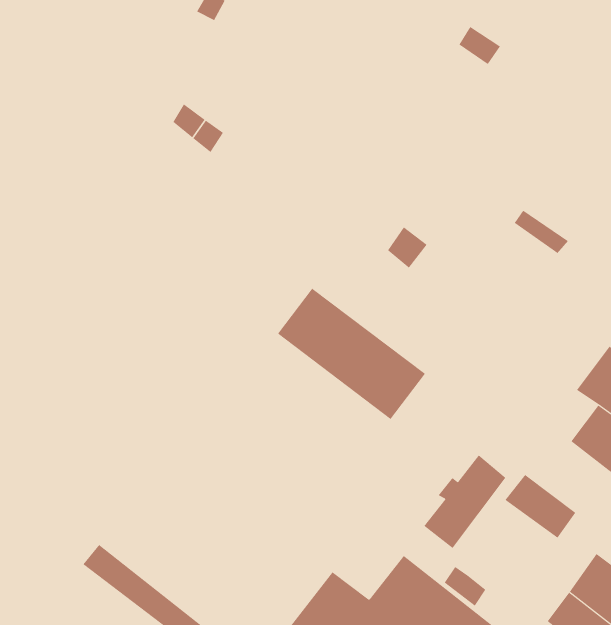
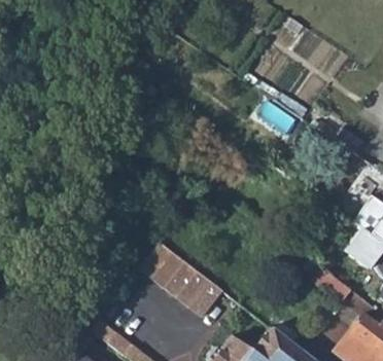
building: [277,288,426,420] -> [126,229,209,303]
building: [424,454,506,549] -> none

